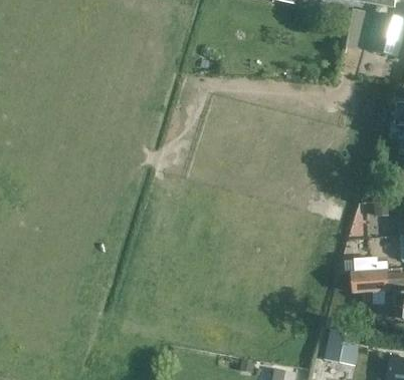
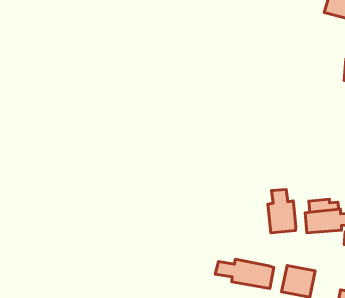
building: none -> [268,190,296,233]
building: none -> [215,259,274,289]

